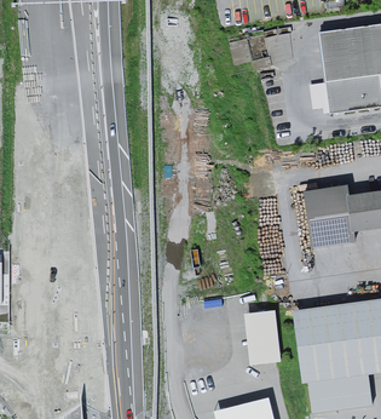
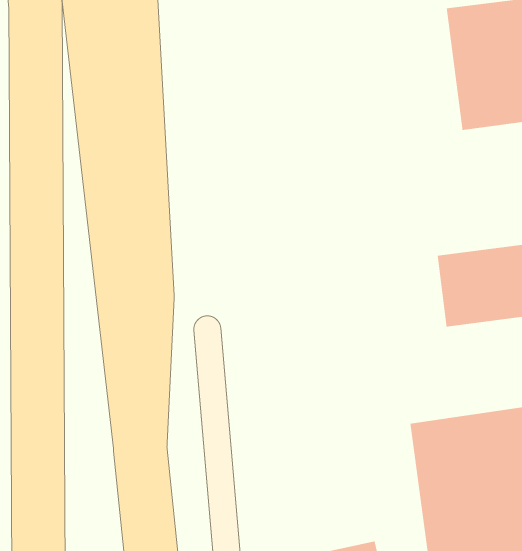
building: [244,300,282,356] -> none

